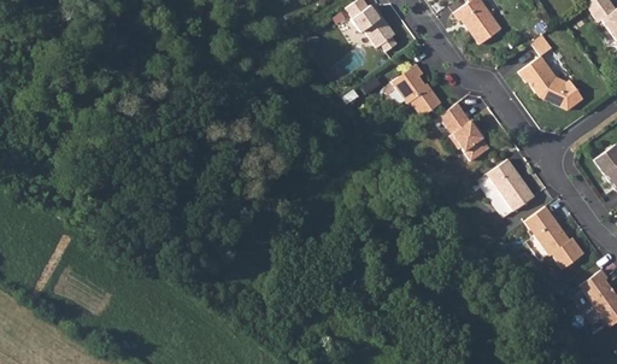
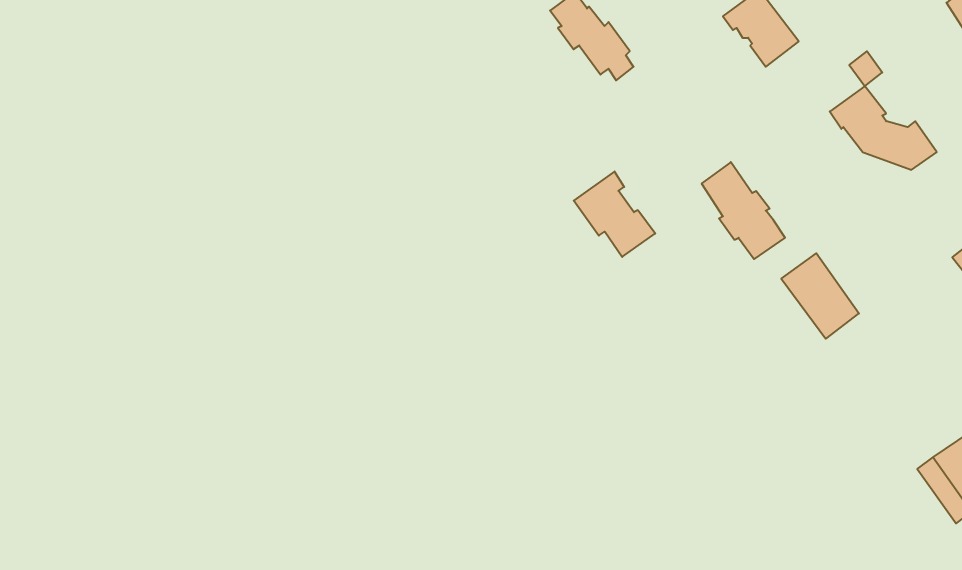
building: [392,65,442,118] -> [574,171,655,257]
building: [525,207,586,270] -> none

